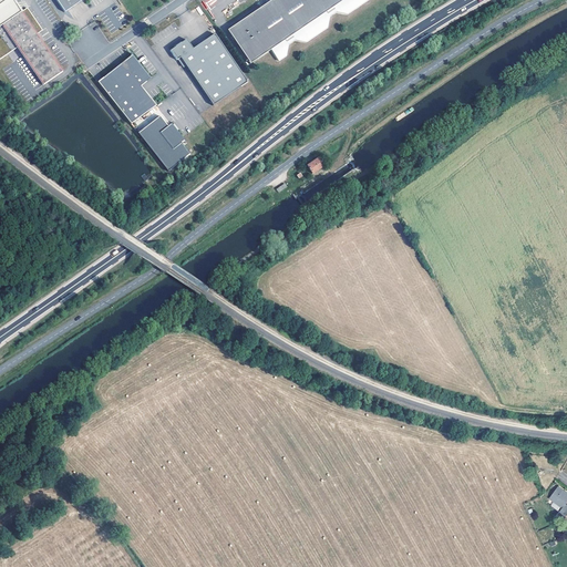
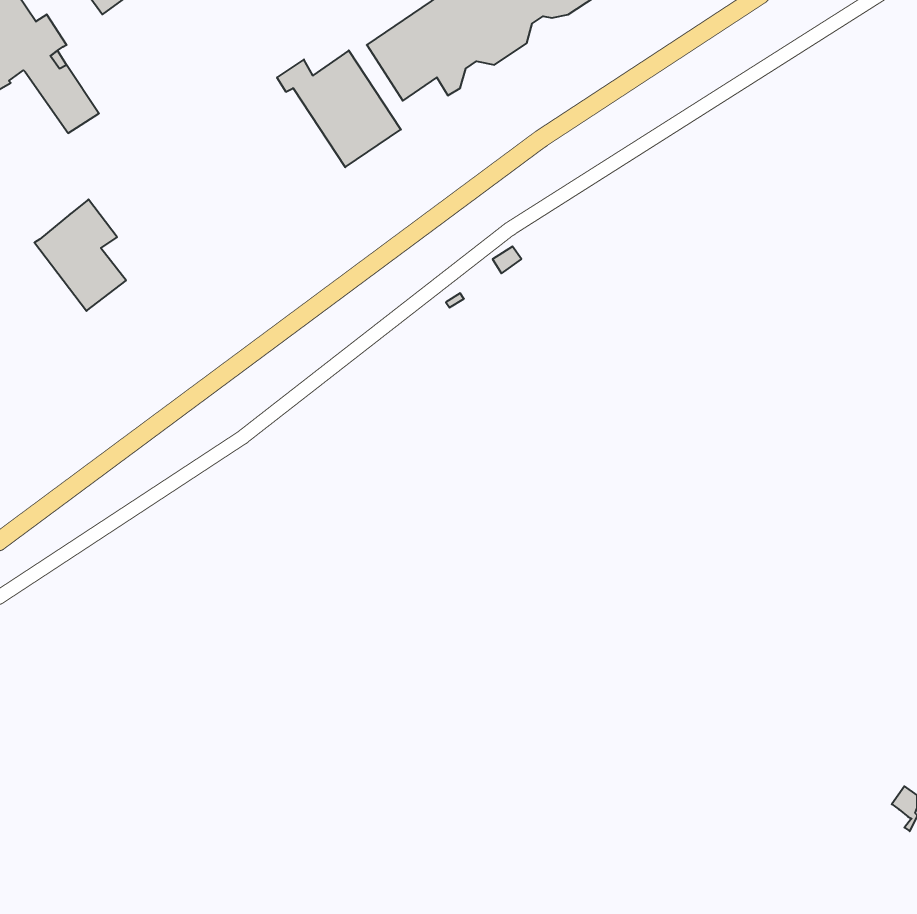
building: [99,53,155,122] -> [34,199,126,311]
building: [137,113,189,169] -> none

